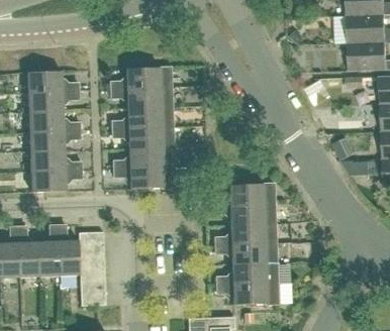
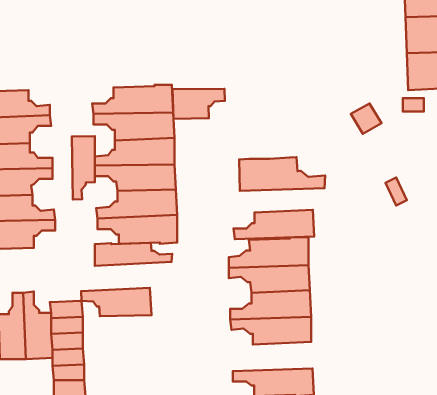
building: none -> [172,89,225,119]
building: none -> [72,136,95,200]
building: none -> [239,157,325,191]
building: none -> [95,243,172,266]
building: none -> [81,288,151,316]
building: [216,262,278,285] -> [233,210,314,239]

